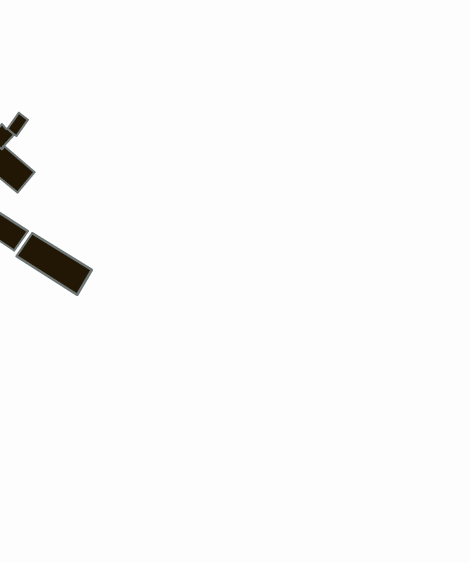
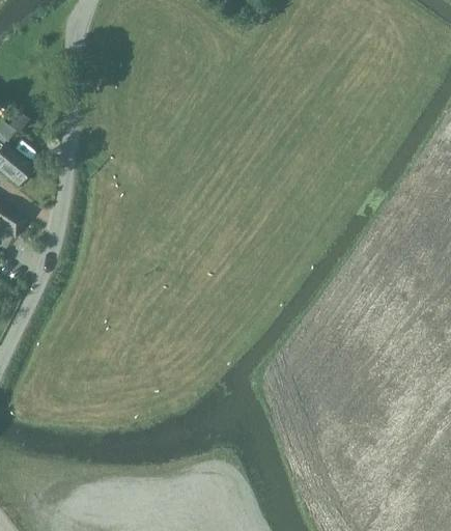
building: [17,233,92,295] -> none

